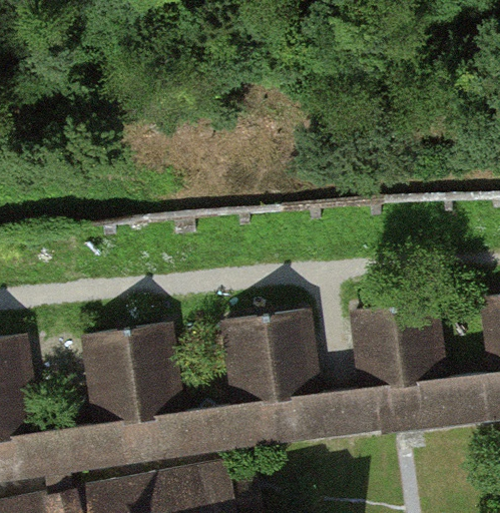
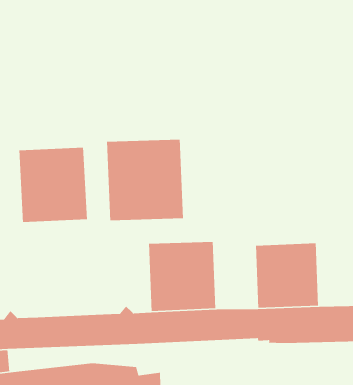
building: none -> [106,139,184,221]
building: [87,326,179,425] -> [18,147,88,223]

